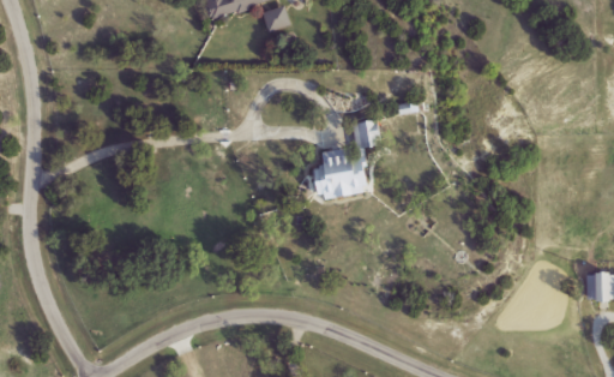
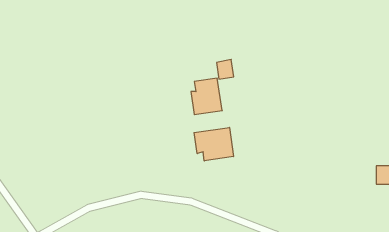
building: none -> [194,127,233,161]

